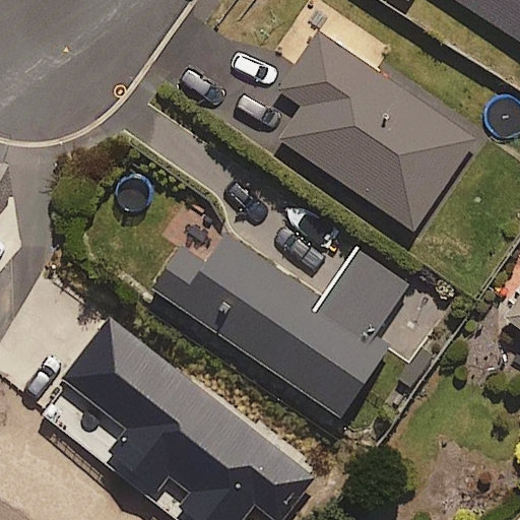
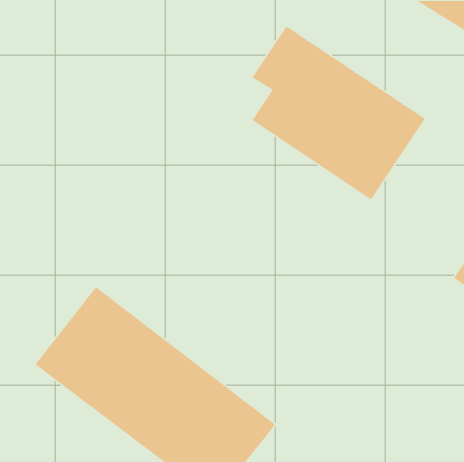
building: [179,235,410,413] -> none

